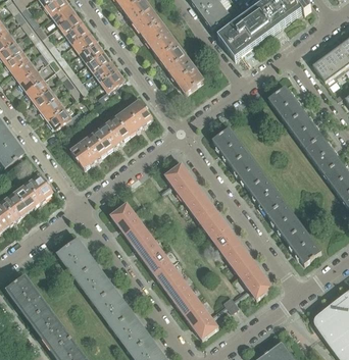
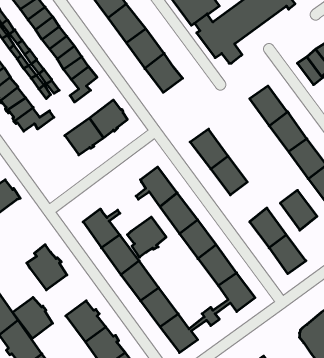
building: [70,133,106,168] -> none
building: [249,176,284,214] -> [280,190,317,230]
building: none -> [127,217,166,257]
building: [76,264,113,303] -> [13,297,53,338]

